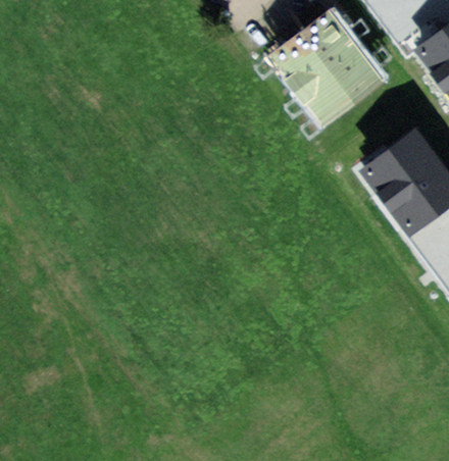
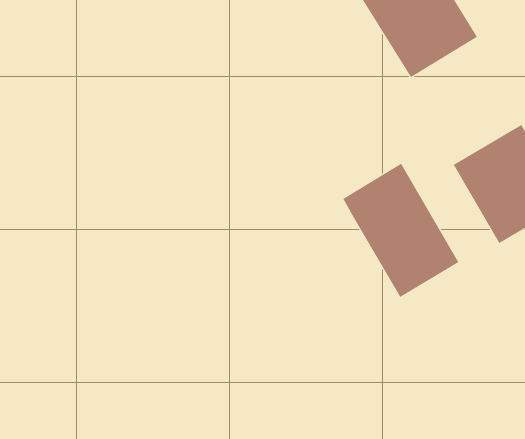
building: none -> [342,163,459,298]

